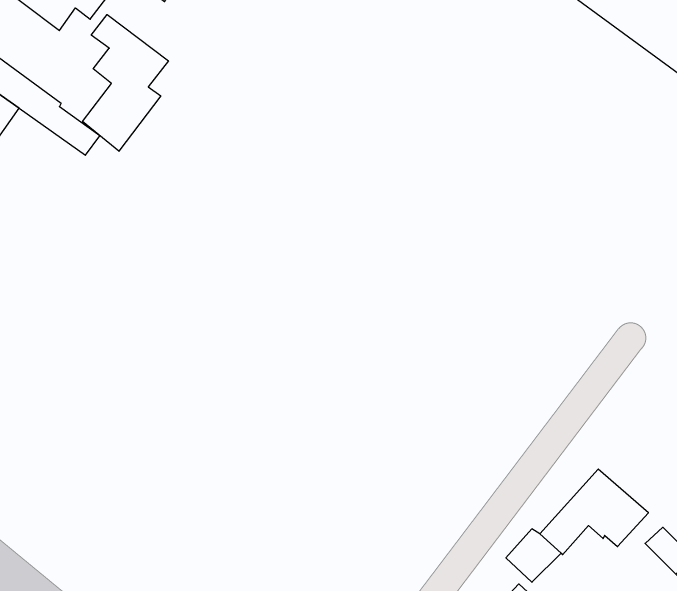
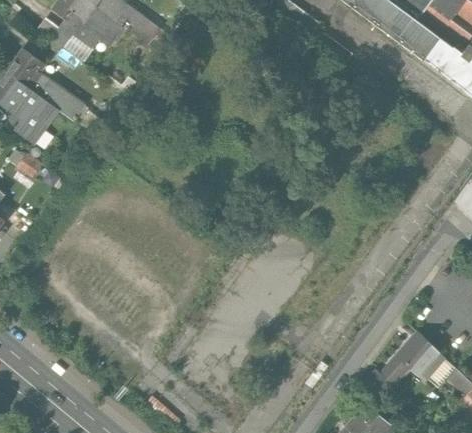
building: [83,15,168,151] -> none

